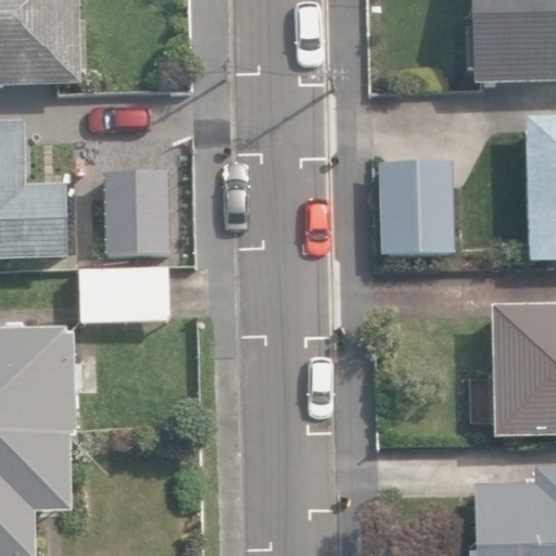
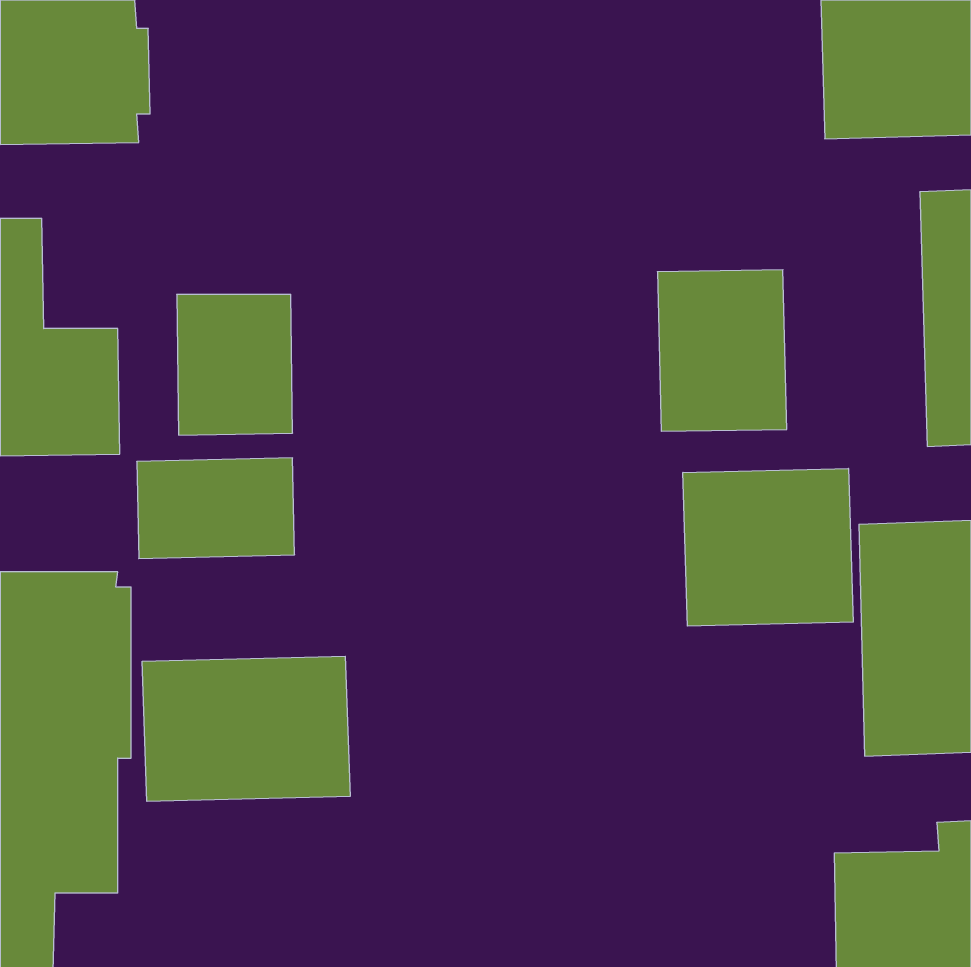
building: none -> [683,468,853,626]
building: none -> [142,656,350,801]

